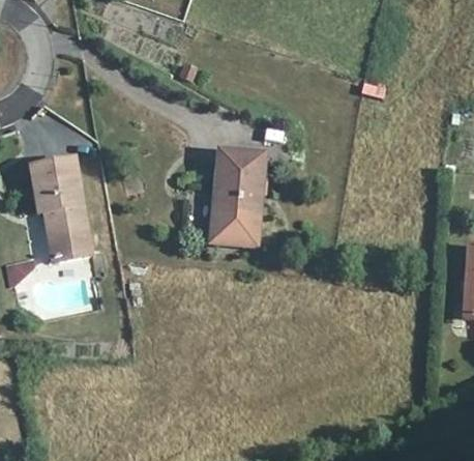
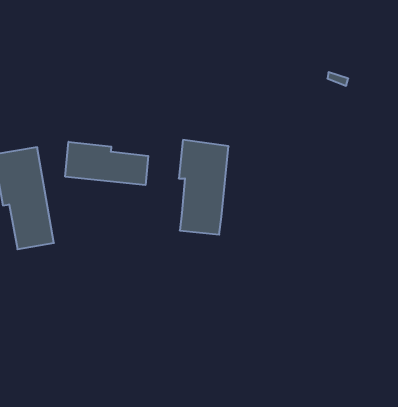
building: none -> [65,142,148,185]

